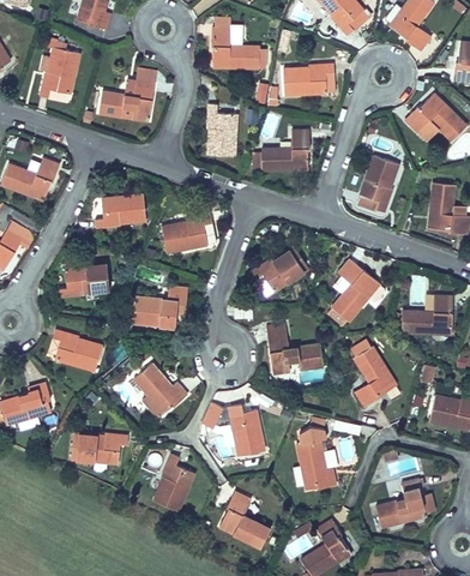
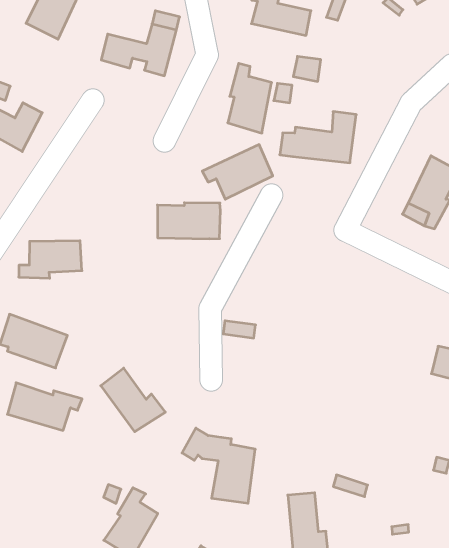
building: [287,60,337,96] -> none
building: [92,194,143,229] -> none
building: [249,245,307,293] -> [202,145,273,199]
building: [332,260,386,323] -> none
building: [131,283,187,324] -> none
building: [264,324,320,376] -> none
building: [354,347,394,408] -> none
building: [70,432,128,466] -> [7,383,82,430]

